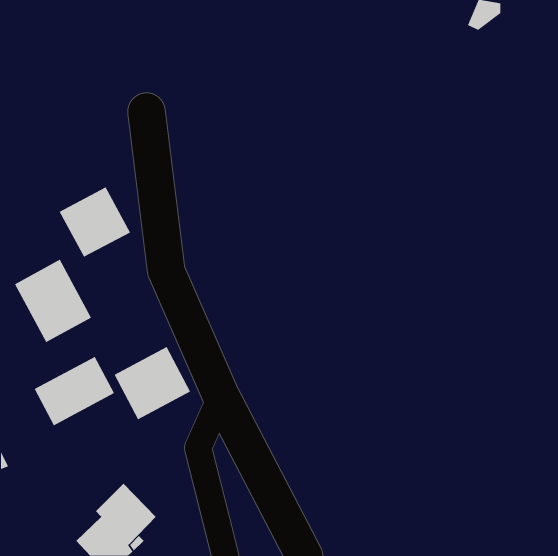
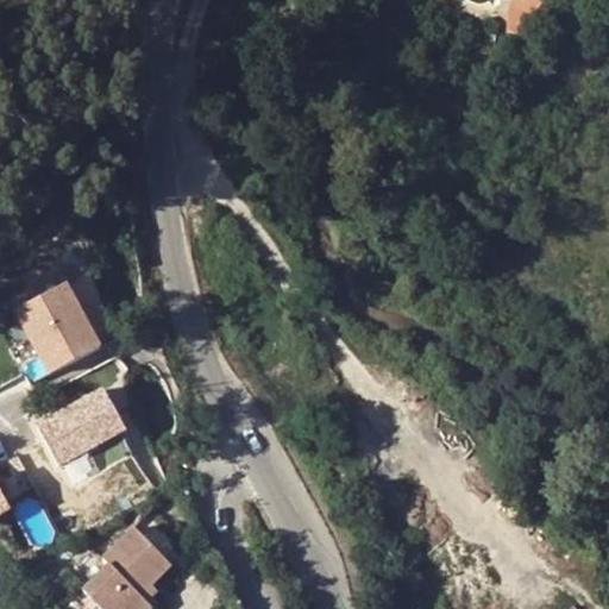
building: [59,187,131,258] -> none
building: [114,346,191,420] -> none

